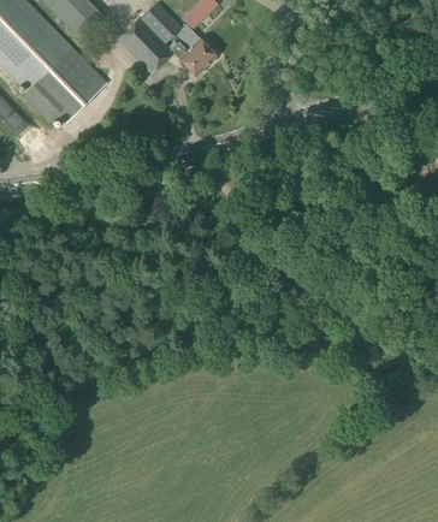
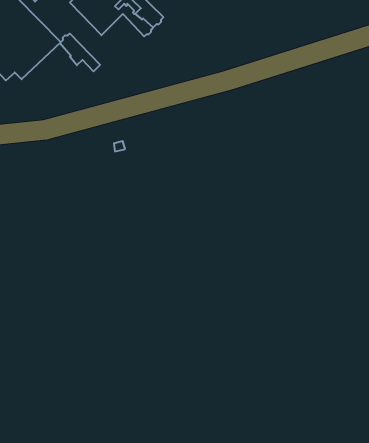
building: none -> [60,34,100,71]

